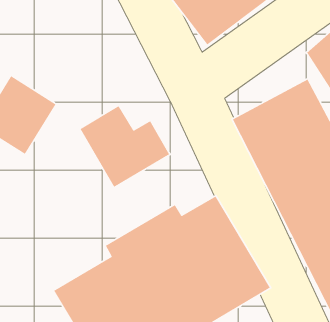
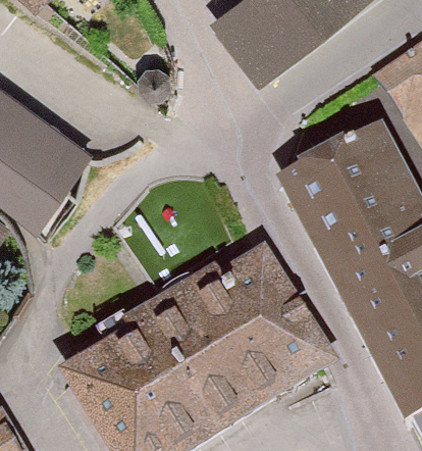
building: [79,105,170,188] -> none

